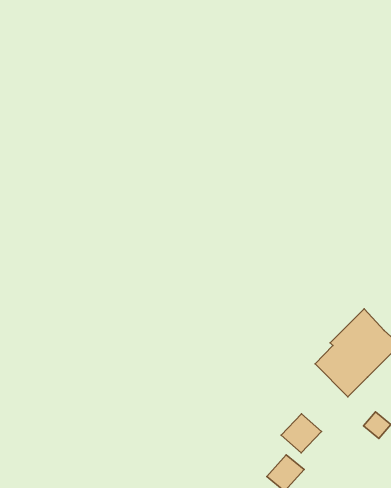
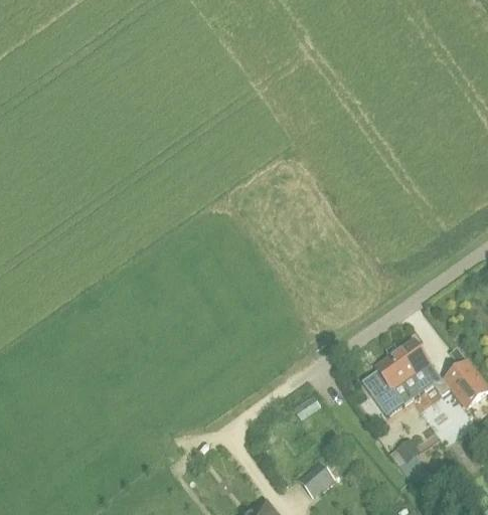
building: [281,414,321,453] -> none

